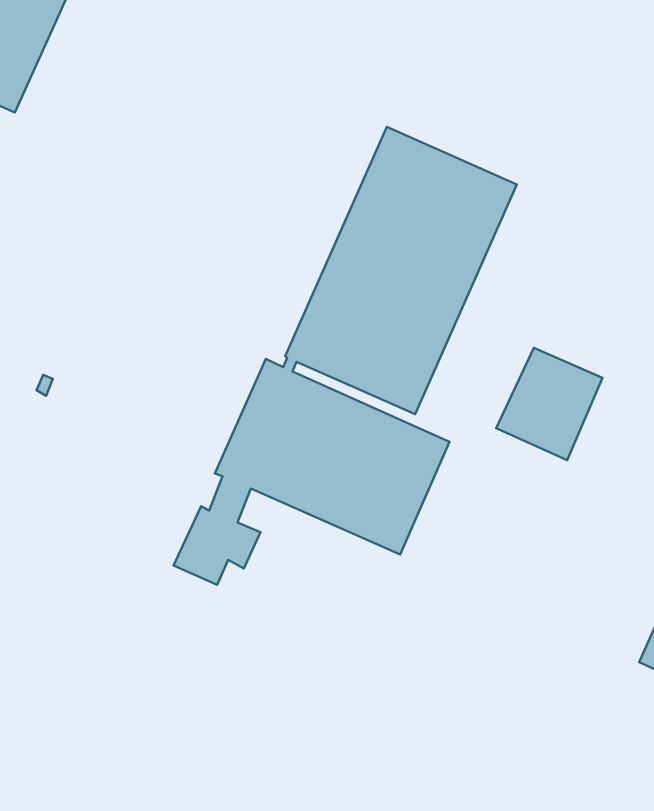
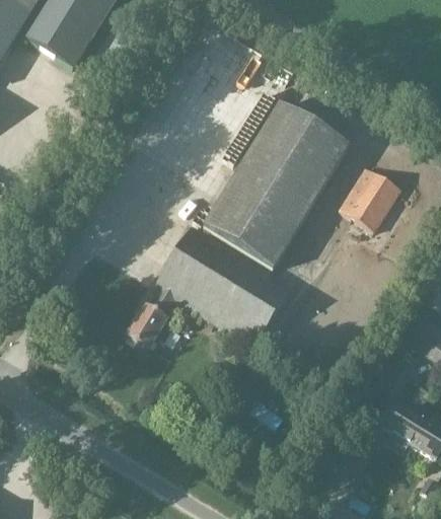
building: [496,348,603,460] -> [336,164,399,230]

